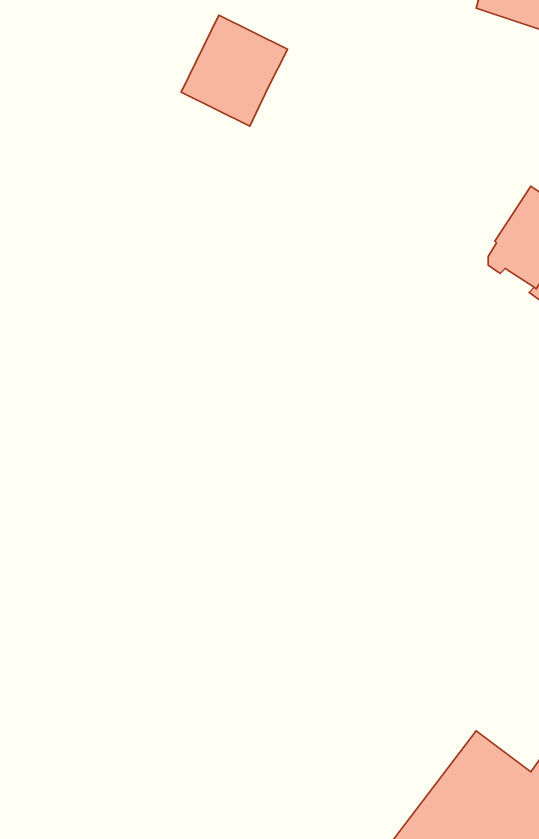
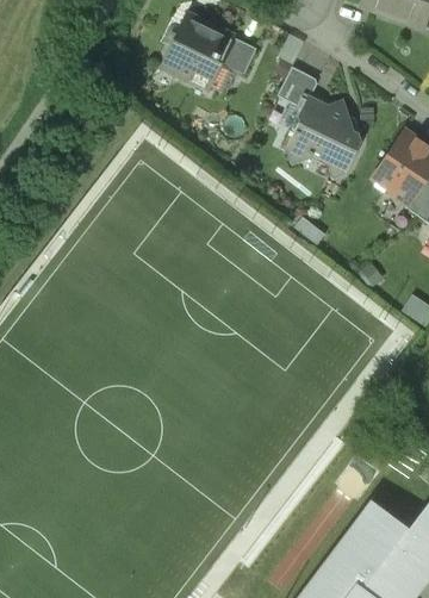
building: none -> [223,38,257,74]
building: none -> [278,64,361,174]

